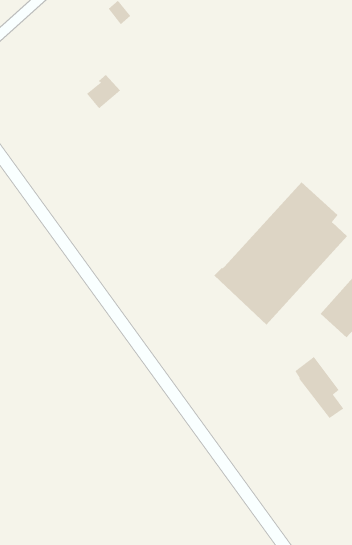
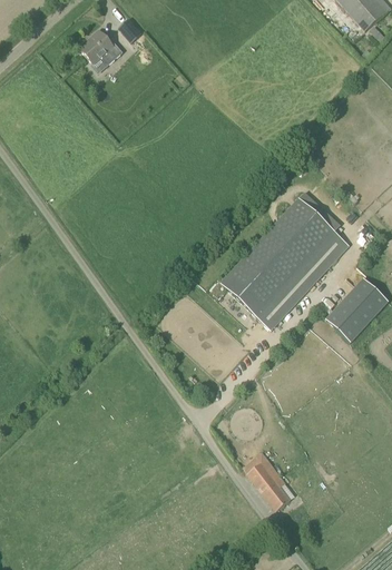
building: [86,74,121,109] -> [80,30,114,63]
building: [294,356,344,419] -> [243,451,291,511]

